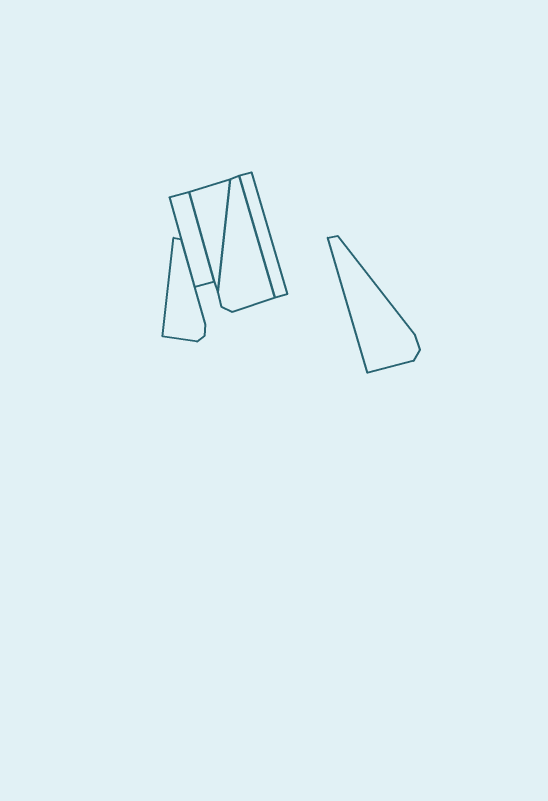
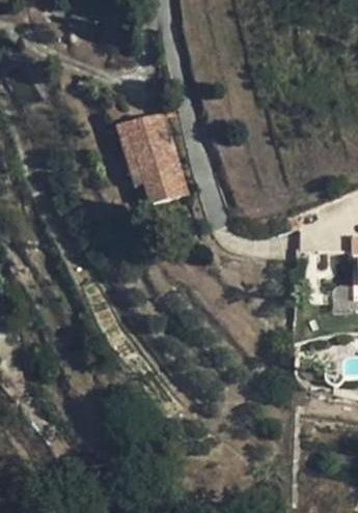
building: [328,236,420,373] -> none
building: [163,238,205,342] -> none

